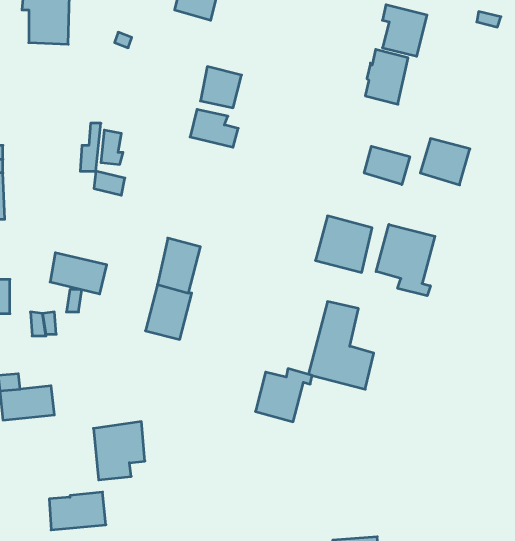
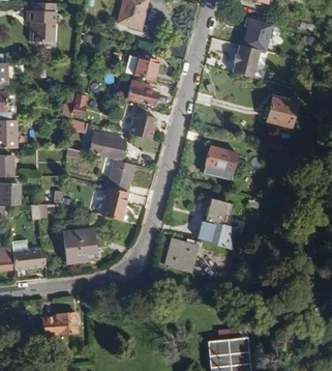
building: [364,146,410,185] -> none
building: none -> [129,111,155,138]
building: [376,224,435,296] -> none
building: [50,253,107,294] -> [91,133,125,158]
building: [93,422,145,480] -> [64,227,95,262]

